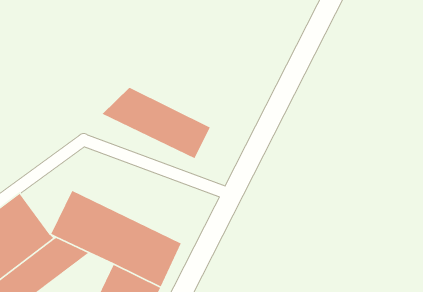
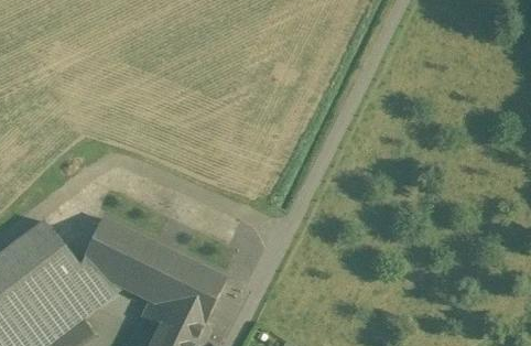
building: [102,87,211,159] -> none

